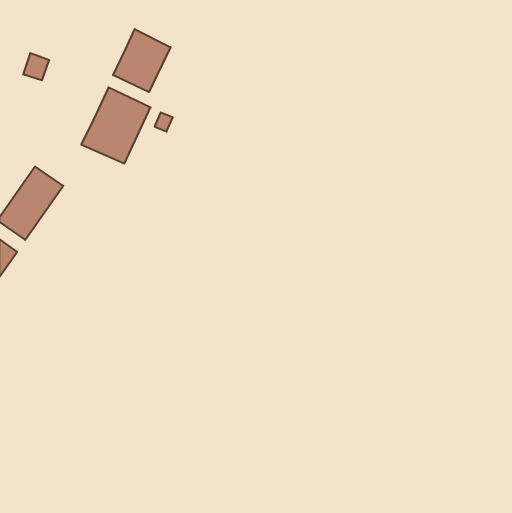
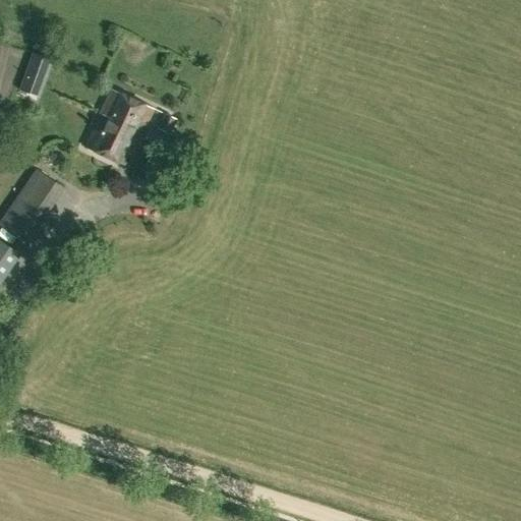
building: [113,29,171,92] -> none

